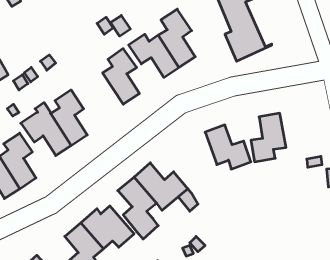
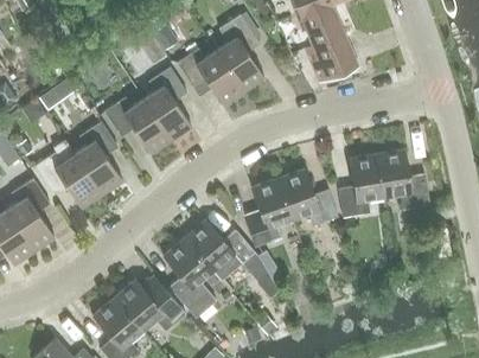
building: none -> [104,97,170,154]
building: none -> [376,148,430,209]
building: none -> [245,178,293,247]

